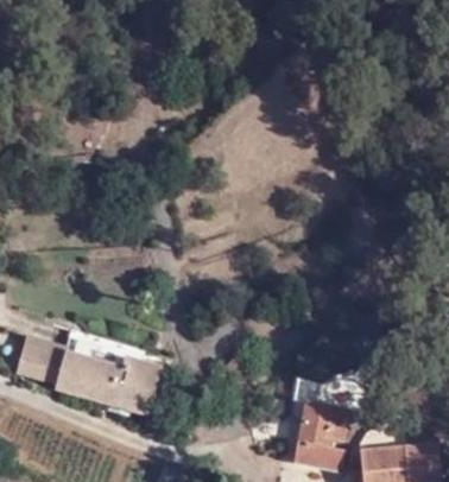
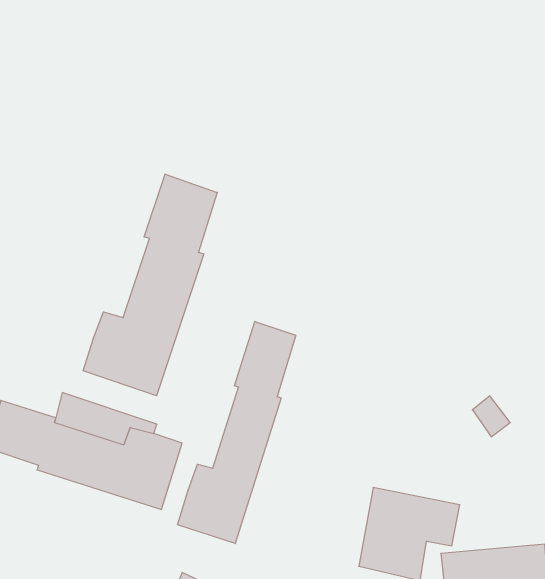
building: none -> [83,174,217,396]
building: none -> [178,321,296,544]

